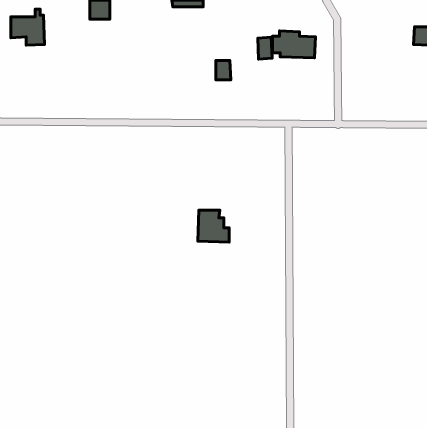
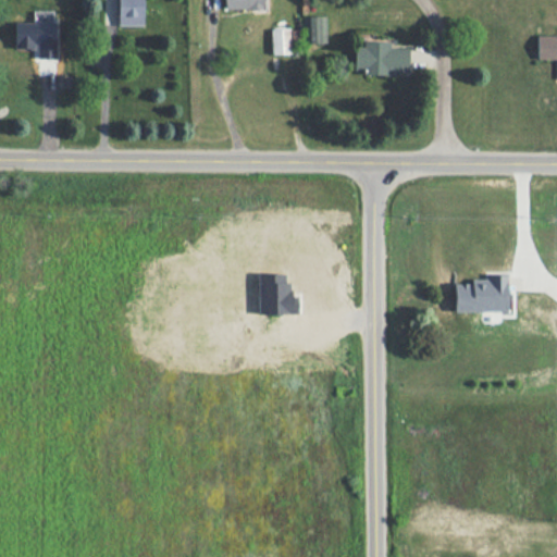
building: [258,37,272,59] -> [310,15,329,44]
building: [216,61,231,80] -> [273,28,293,53]
building: none -> [455,274,509,311]

